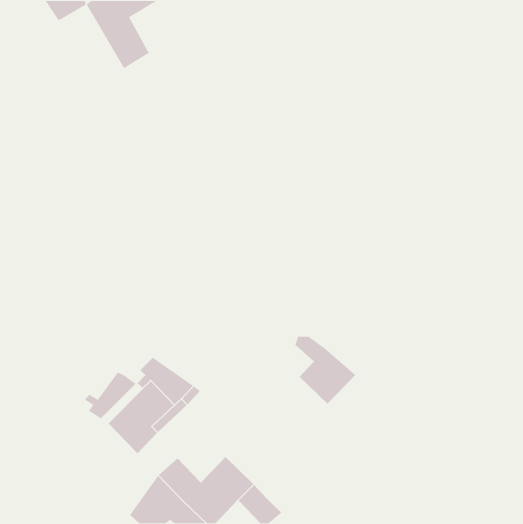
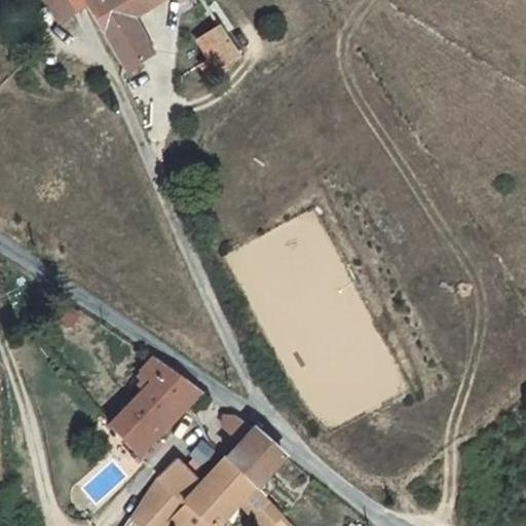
building: none -> [199,26,241,76]
building: [295,336,356,404] -> [223,416,285,485]
building: [84,371,136,419] -> none

